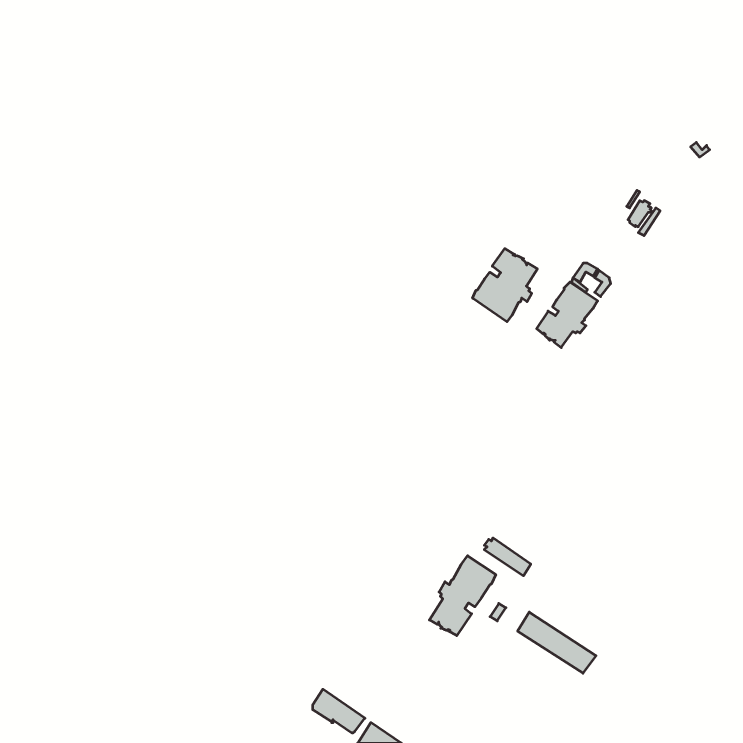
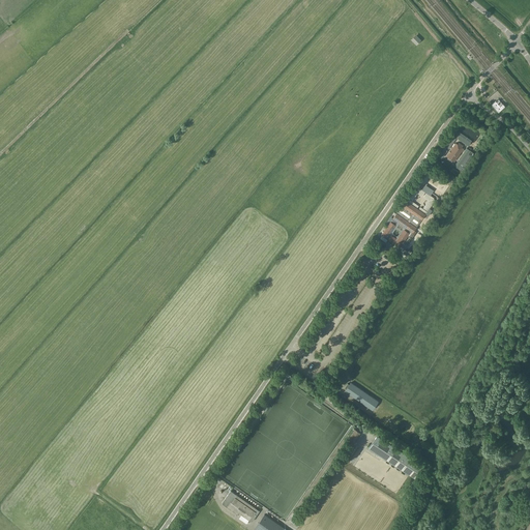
building: [473,249,537,322] -> none
building: [429,556,496,636] -> none

